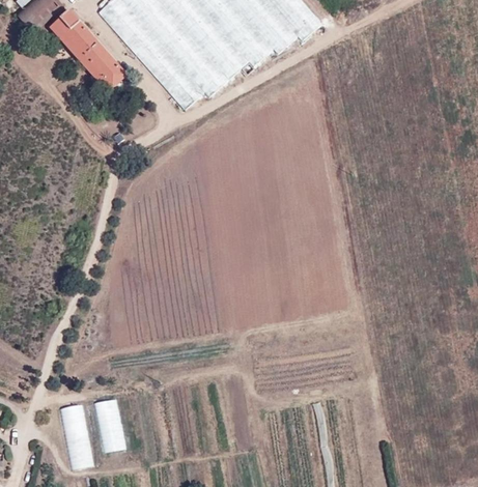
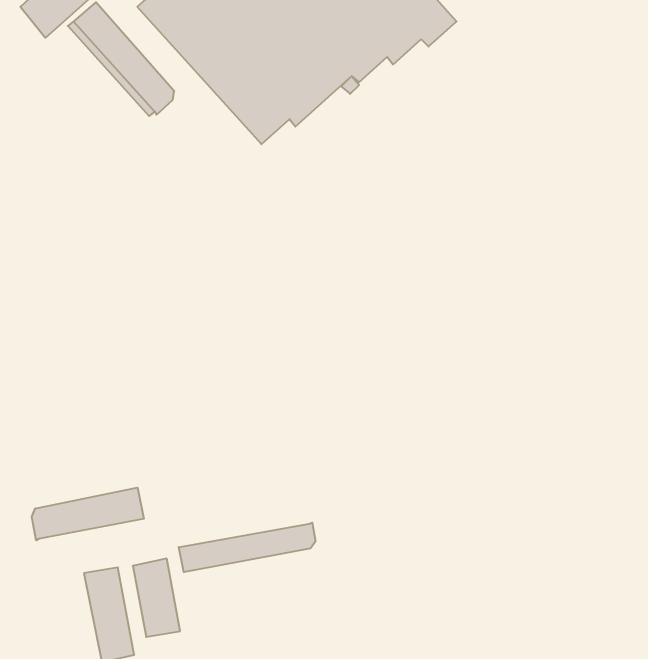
building: none -> [32,488,144,540]
building: none -> [179,523,315,572]

